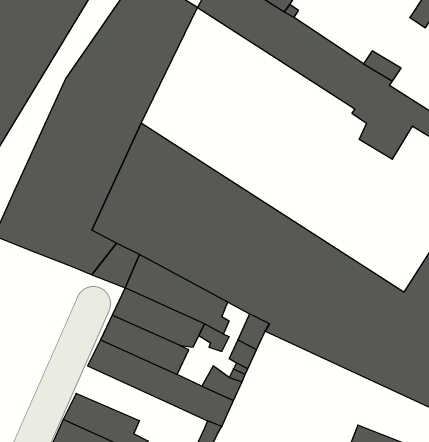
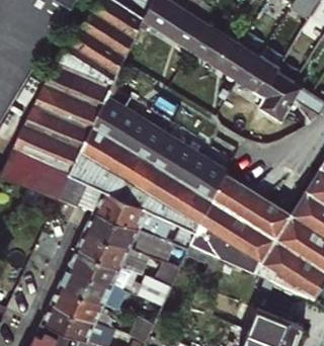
building: none -> [58,269,124,314]

